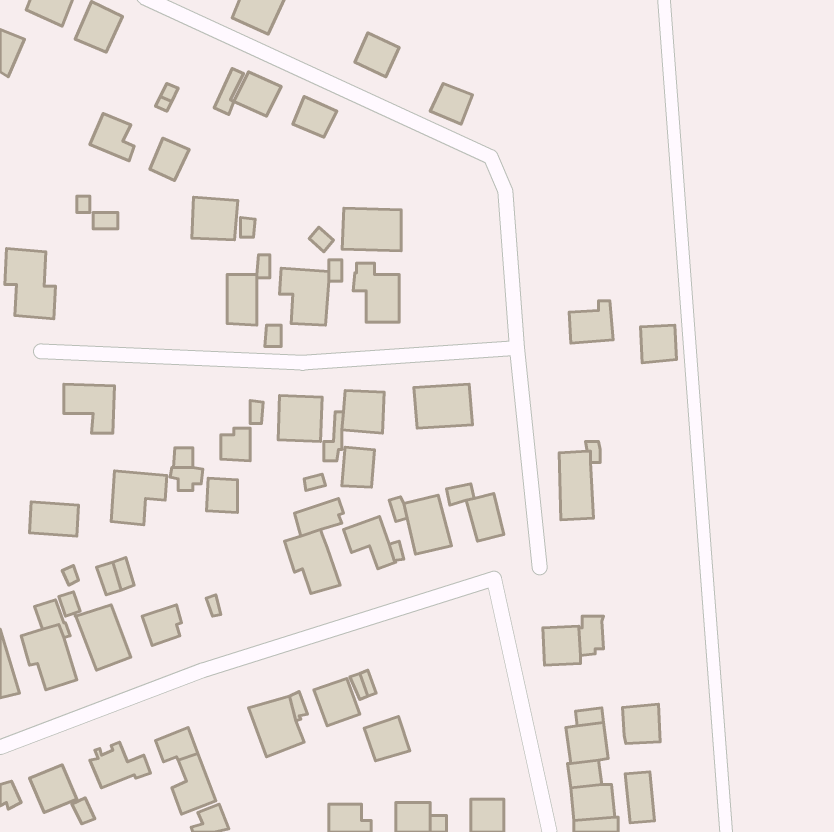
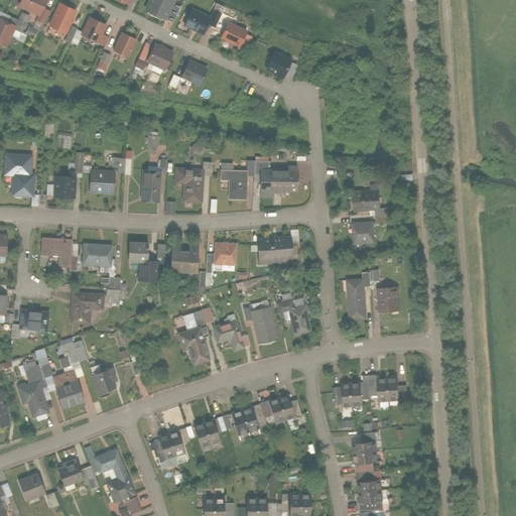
building: none -> [182,7,210,33]
building: [90,113,134,161] -> [81,16,108,45]
building: [150,138,189,181] -> [112,31,136,57]
building: [192,197,238,240] -> [88,167,116,194]
building: [342,208,401,251] -> [260,167,296,194]
building: none -> [53,176,76,198]
building: [641,325,677,363] -> [352,221,374,244]
building: none -> [82,243,113,267]
building: [342,447,374,487] -> none
building: none -> [376,286,400,311]
building: [206,478,237,512] -> [127,241,146,262]
building: none -> [269,394,296,422]
building: [622,704,660,744] -> [372,381,395,405]
building: [364,717,410,761] -> [232,404,260,431]
building: [625,772,655,823] -> none

